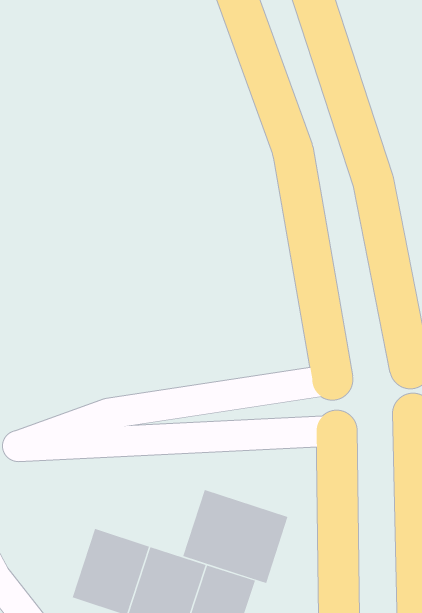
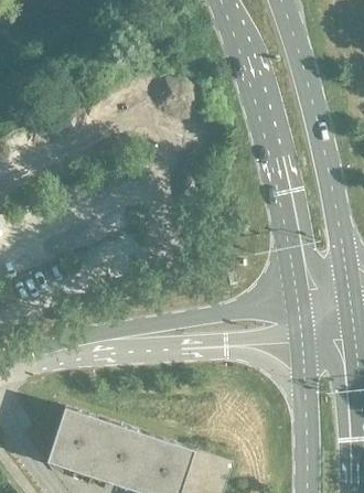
building: [182,489,288,584] -> none
building: none -> [45,408,107,476]

